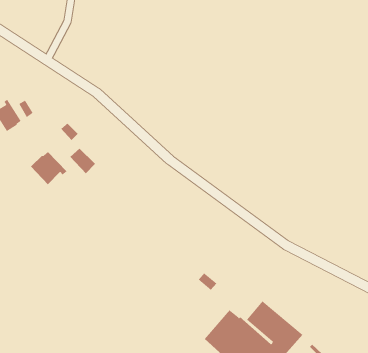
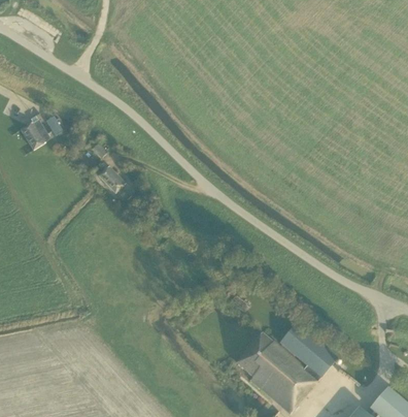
building: [30,151,68,185] -> none

